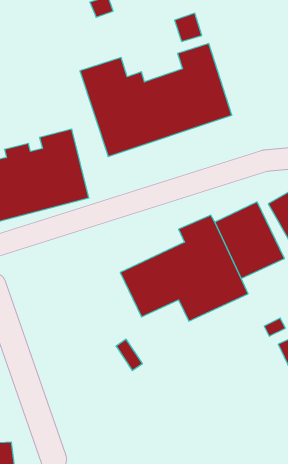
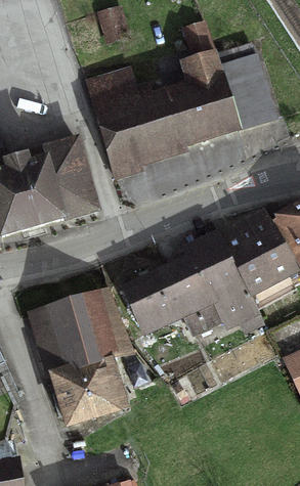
building: none -> [216,45,271,129]
building: none -> [31,290,131,430]

